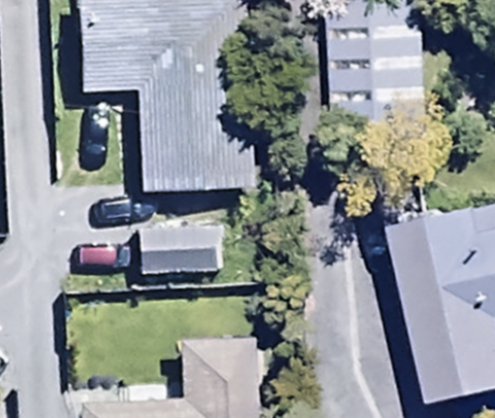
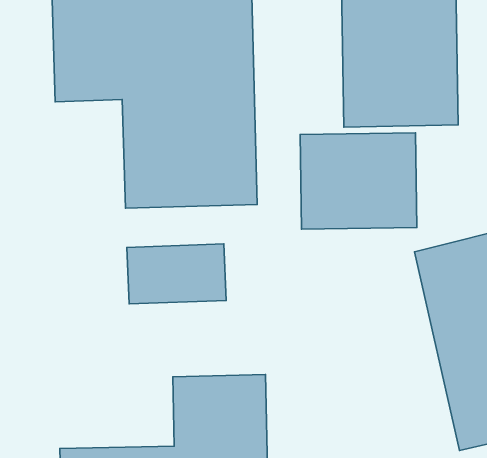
building: none -> [300,133,417,229]

